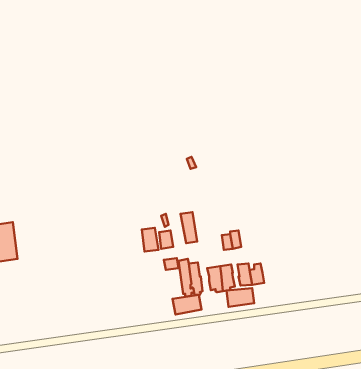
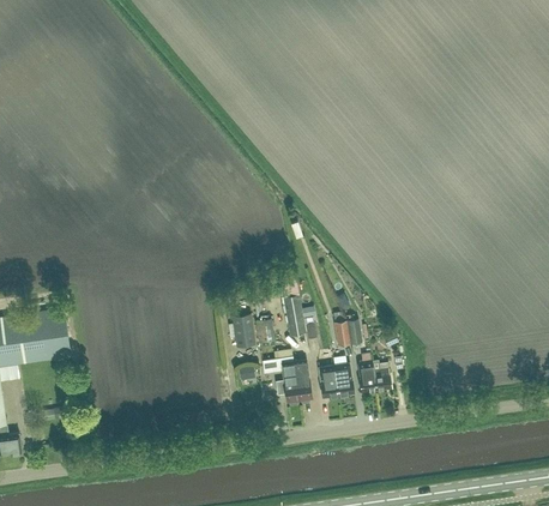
building: [226,288,254,307] -> none
building: [172,295,201,314] -> none

